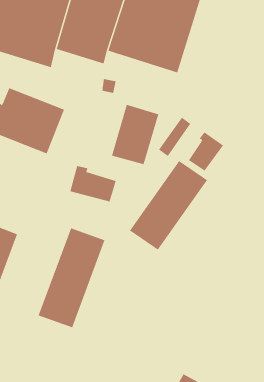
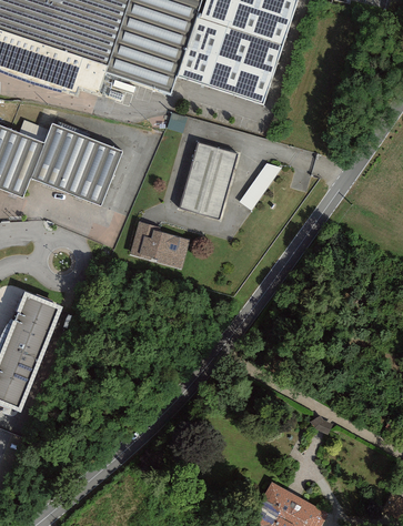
building: [188,132,224,172] -> none
building: [129,160,208,251] -> none
building: [38,228,105,328] -> none

